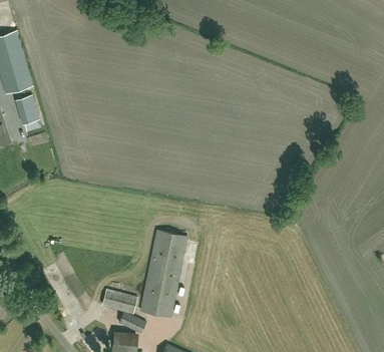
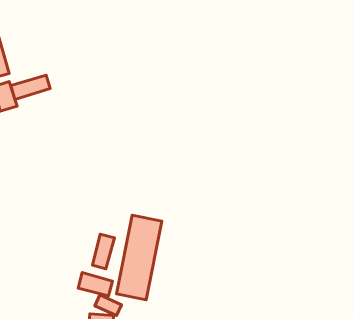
building: none -> [11,75,50,100]
building: none -> [93,234,114,269]

